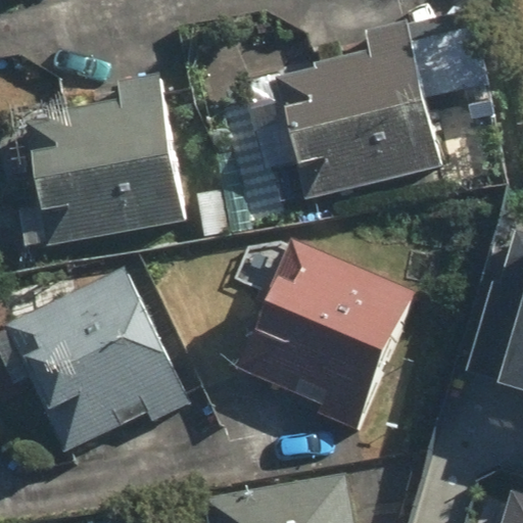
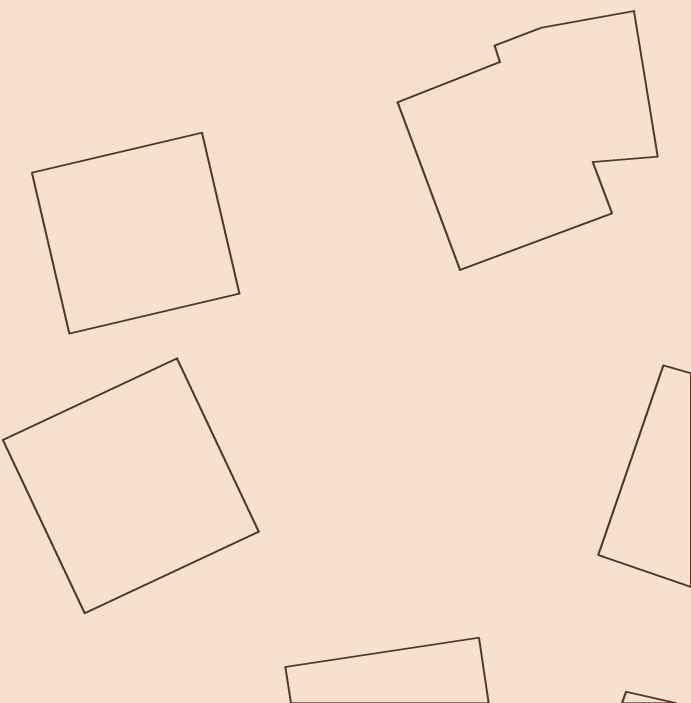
building: [234,251,401,430] -> none

